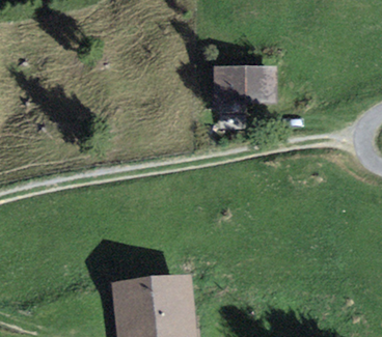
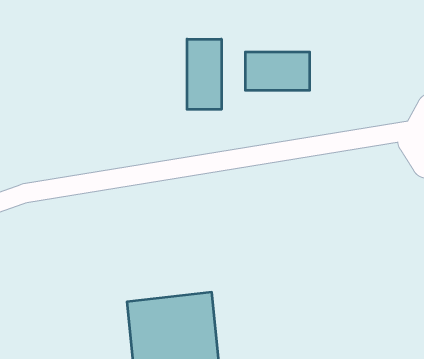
building: none -> [187,39,221,109]

